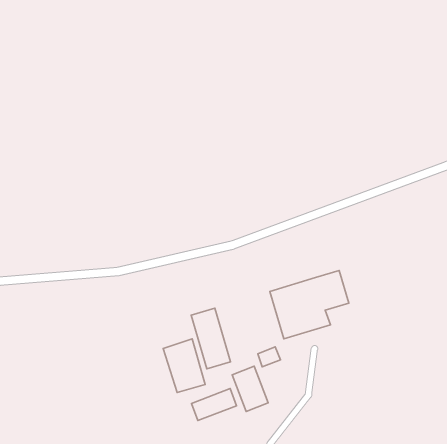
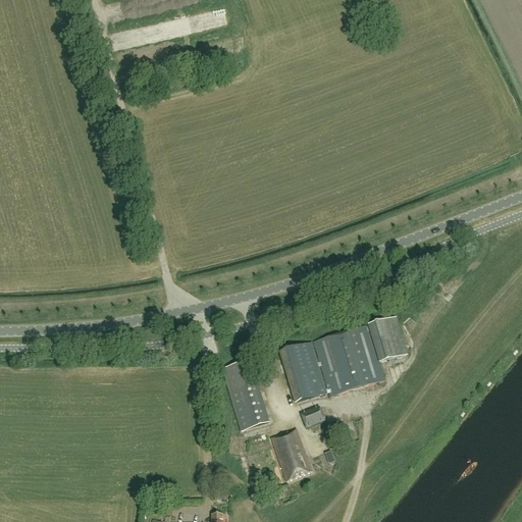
building: [163,339,205,392] -> [278,340,327,402]
building: [192,389,236,420] -> none

